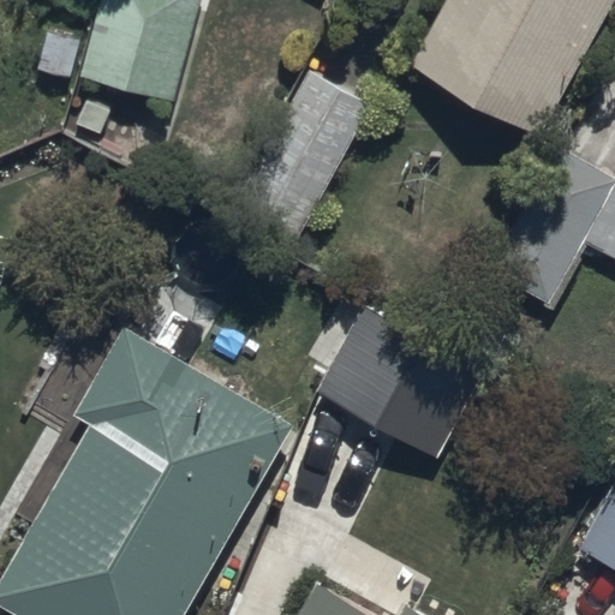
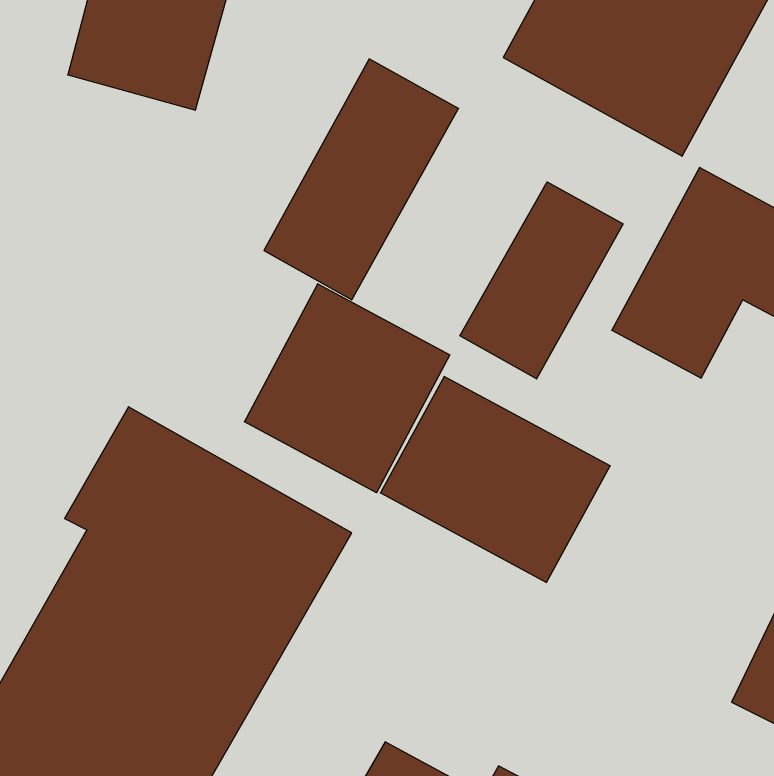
building: none -> [460,182,623,379]
building: none -> [244,284,450,493]

